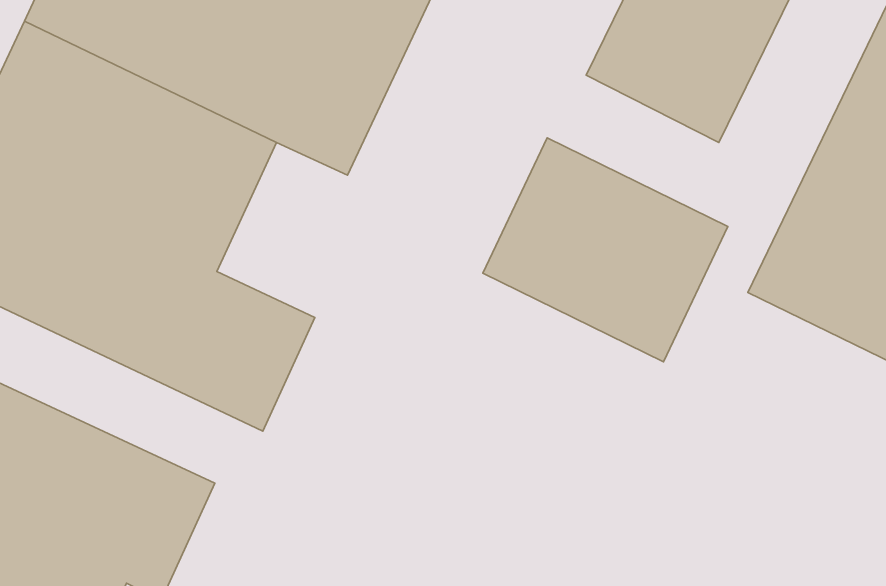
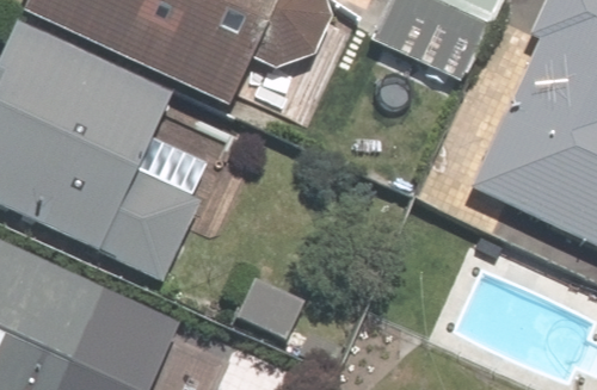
building: [483,138,728,362] -> none

